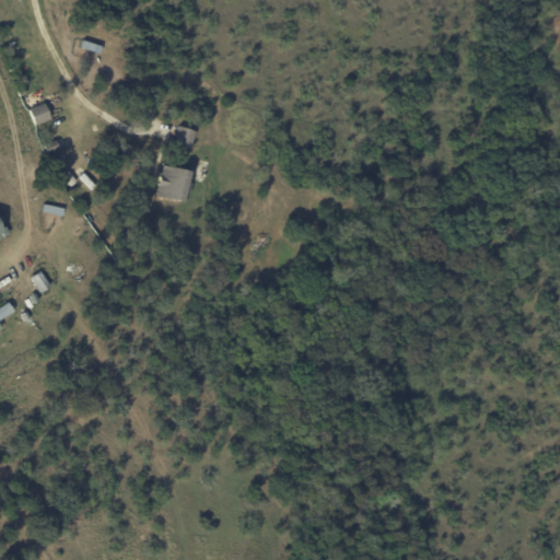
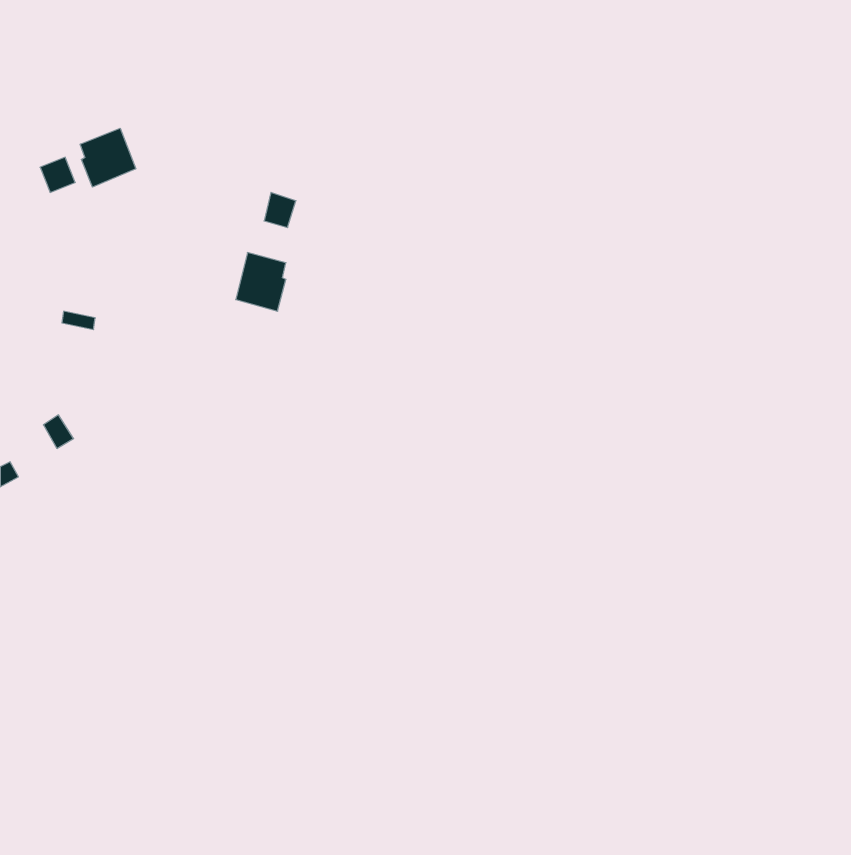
building: none -> [80,128,136,187]

